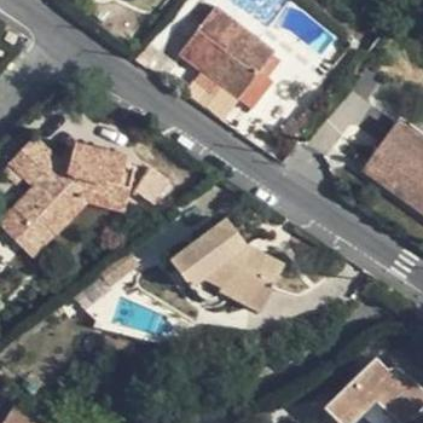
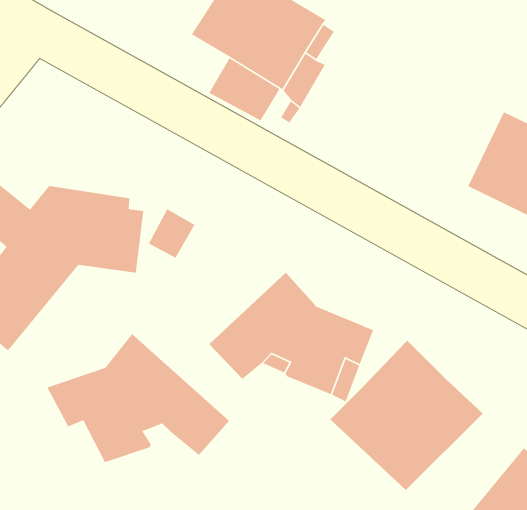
building: none -> [46,333,230,463]
building: none -> [330,340,484,491]

